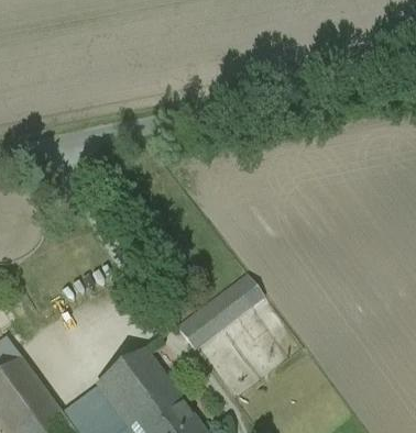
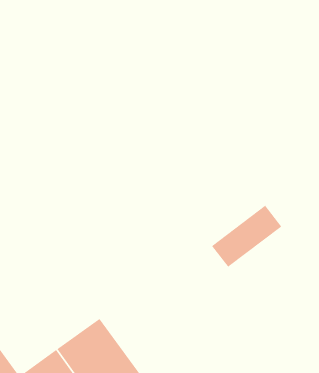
building: [177,282,253,349] -> [211,205,282,268]

